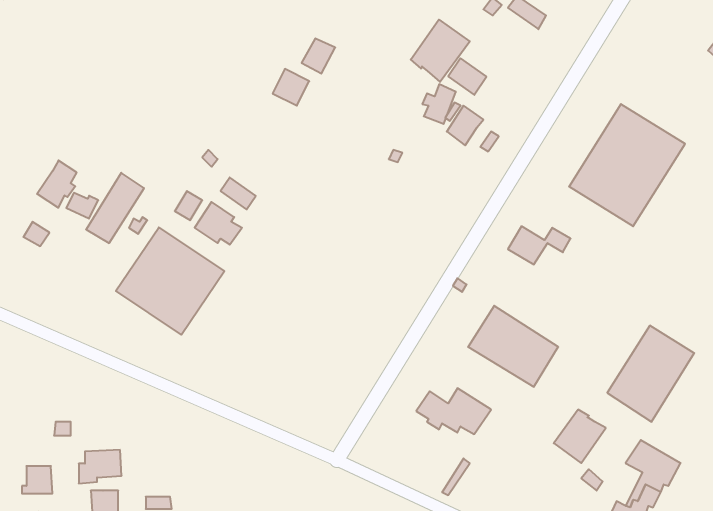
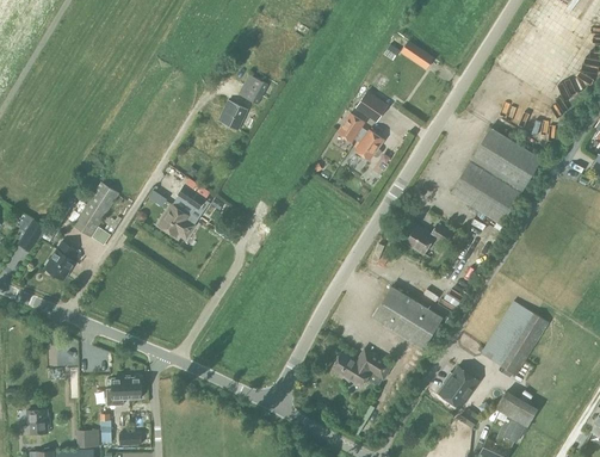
building: [411,20,470,82] -> none
building: [37,160,77,208] -> [45,241,76,278]
building: [116,227,224,335] -> none
building: [79,450,122,483] -> [109,378,142,404]

